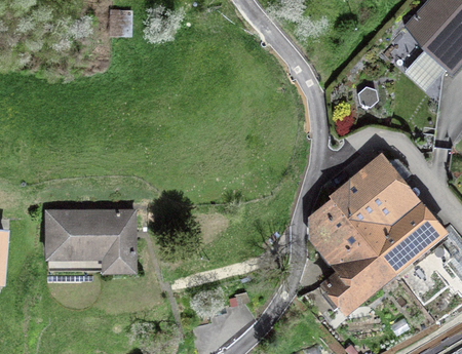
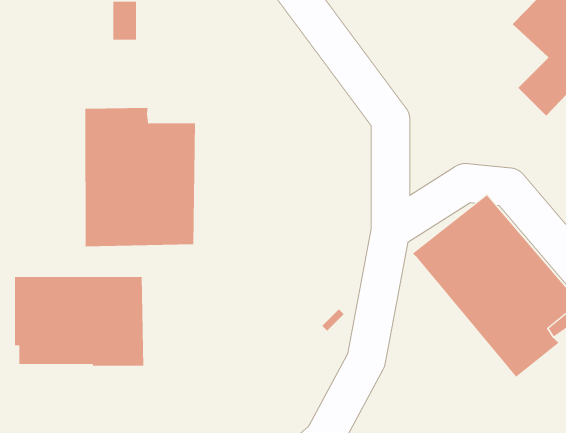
building: none -> [85,107,195,247]
building: [306,195,395,315] -> none

